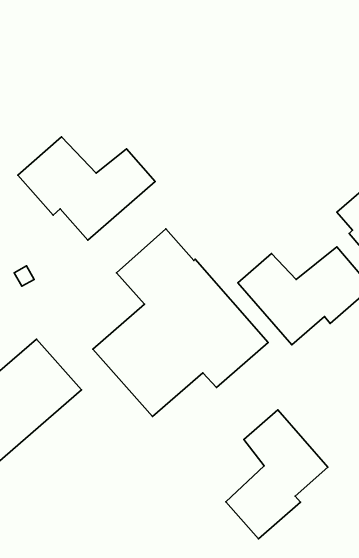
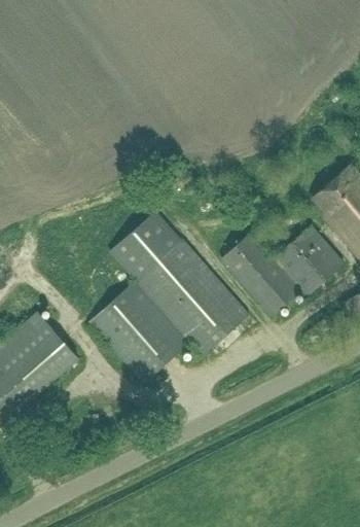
building: [18,137,155,240] -> none
building: [226,410,328,539] -> none

